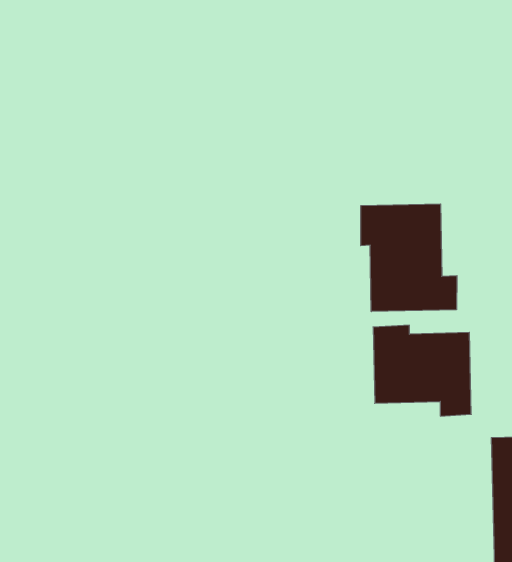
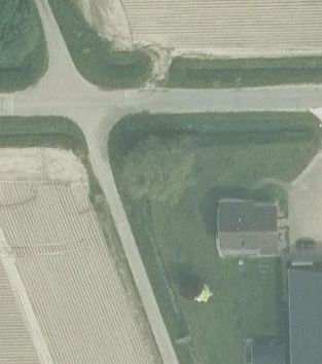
building: [361,204,457,312] -> none

